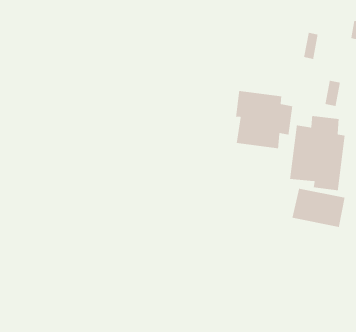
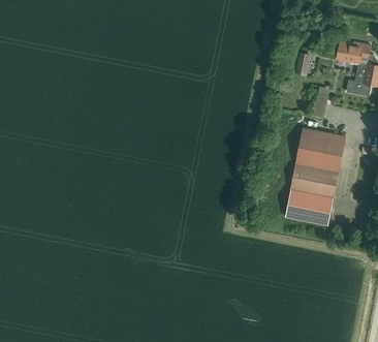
building: [235,90,293,149] -> none

